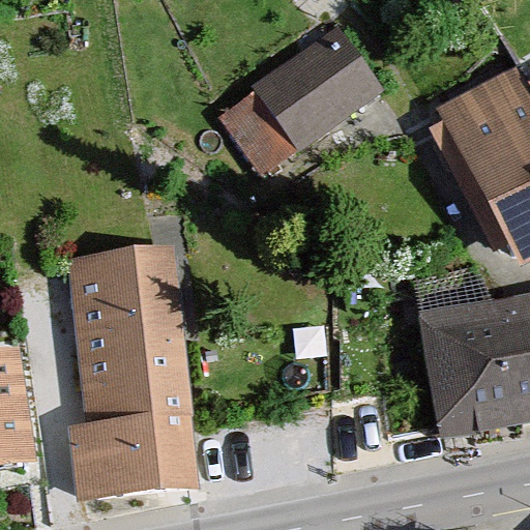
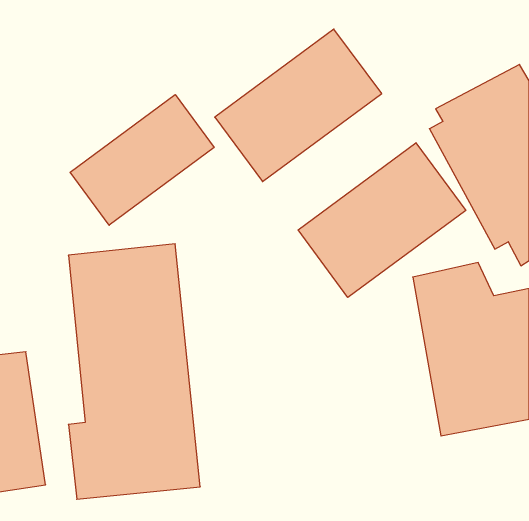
building: none -> [70,95,214,225]
building: none -> [298,143,466,297]

